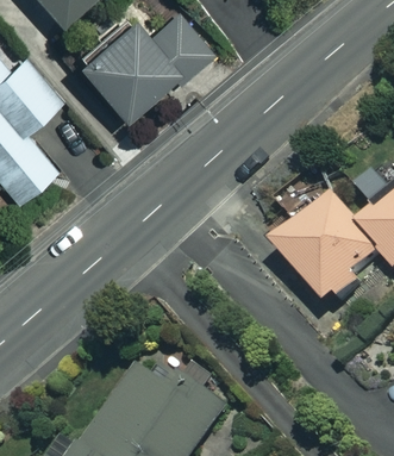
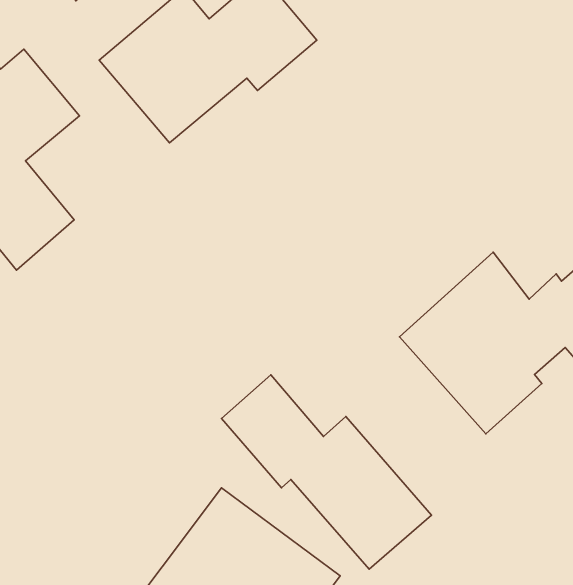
building: none -> [221,375,431,569]

